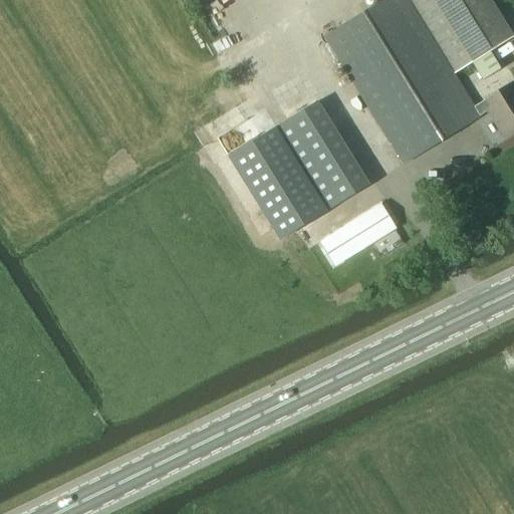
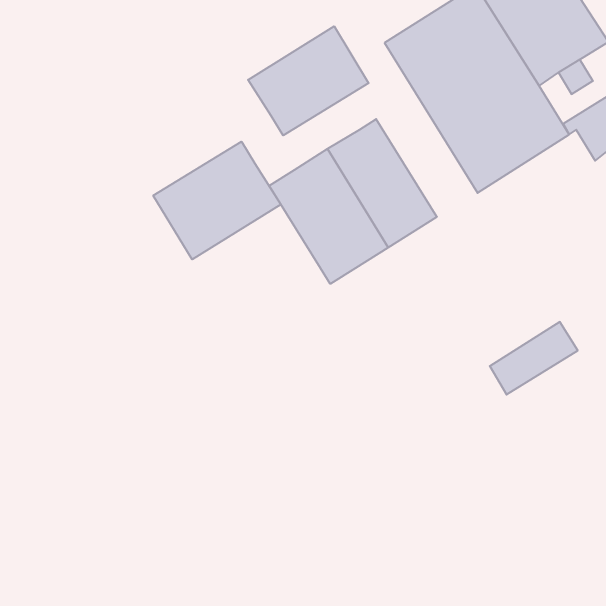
building: none -> [248,26,369,135]
building: none -> [153,142,281,259]
building: [322,202,397,263] -> [490,322,578,395]

